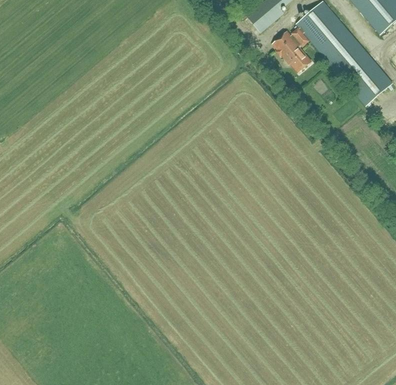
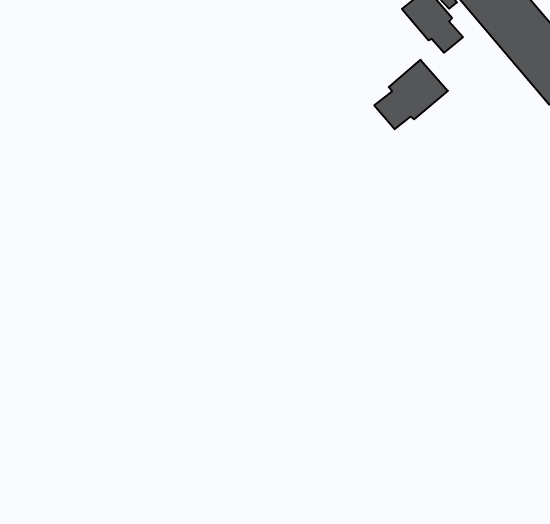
building: none -> [374,60,448,129]

